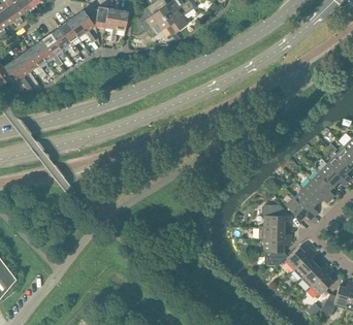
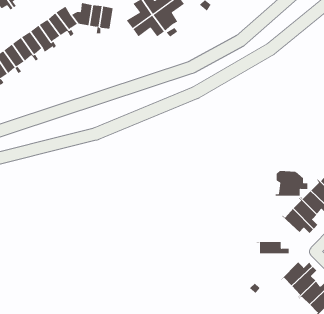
building: [260,204,291,228] -> [275,170,308,196]
building: [260,239,291,265] -> none

